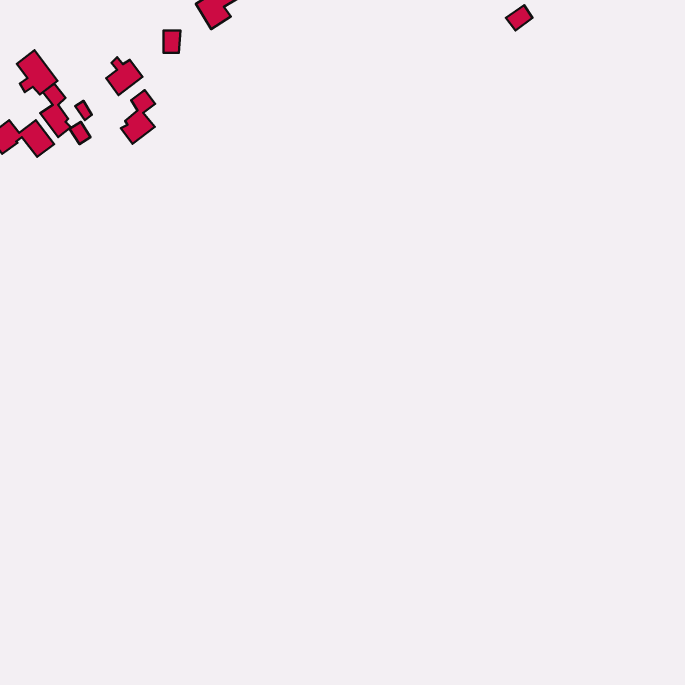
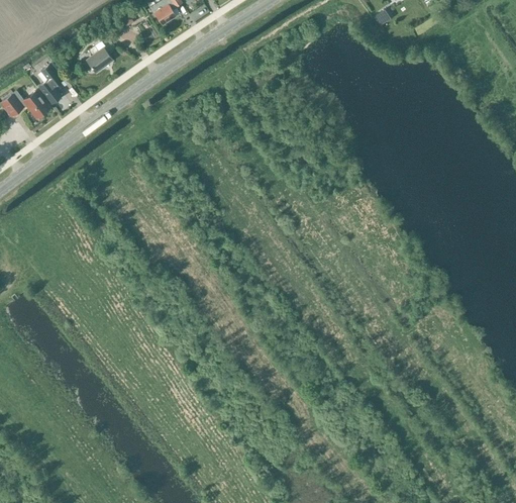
building: [17,50,57,94] -> none
building: [121,90,155,144] -> none

